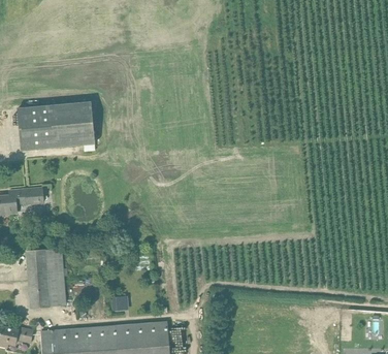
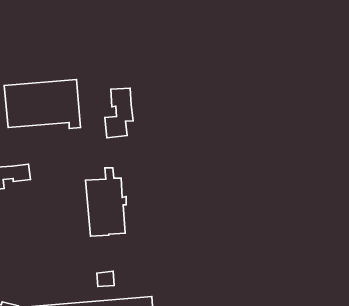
building: none -> [105,88,133,138]
building: [26,238,67,308] -> [85,168,126,236]

